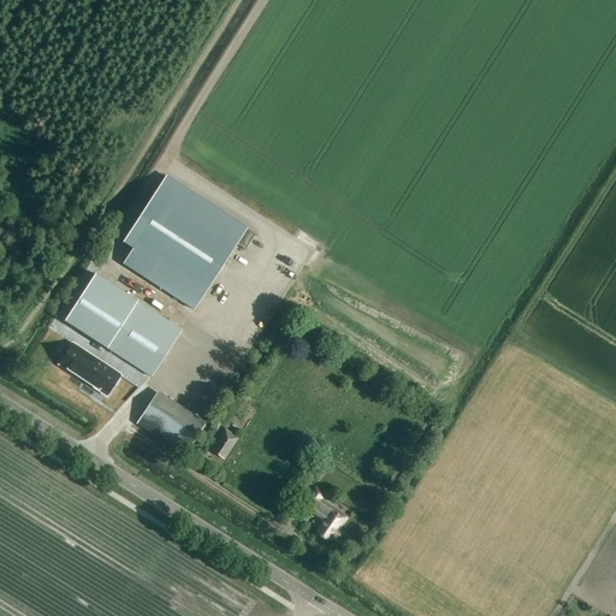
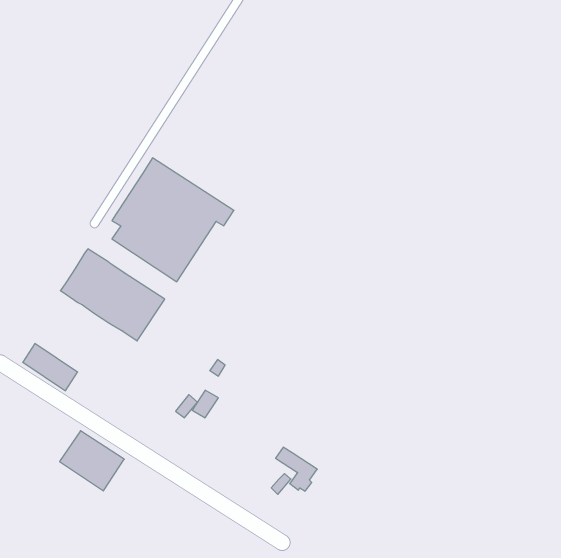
building: [59,338,119,390] -> [23,344,78,391]
building: [135,389,206,455] -> [60,431,124,491]

